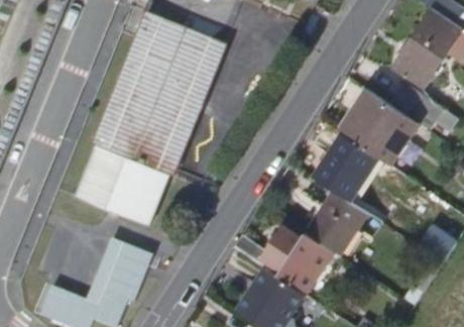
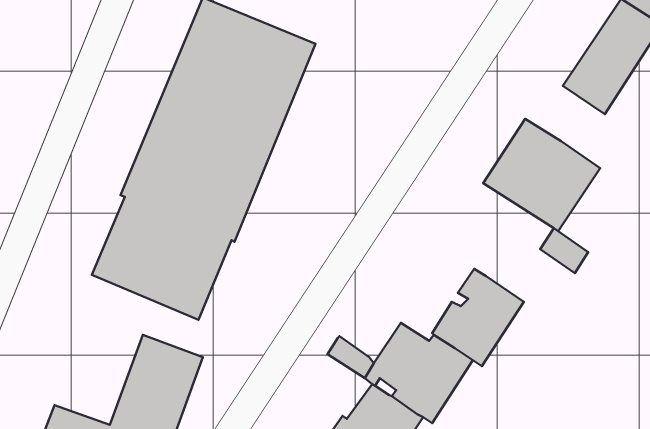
building: [392,86,444,131] -> none
building: [315,142,362,196] -> none

